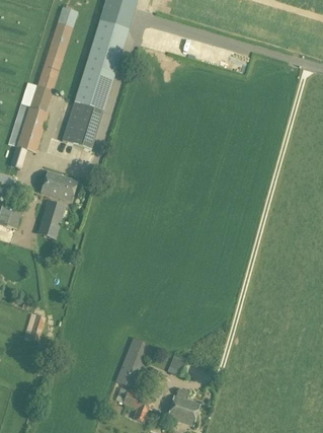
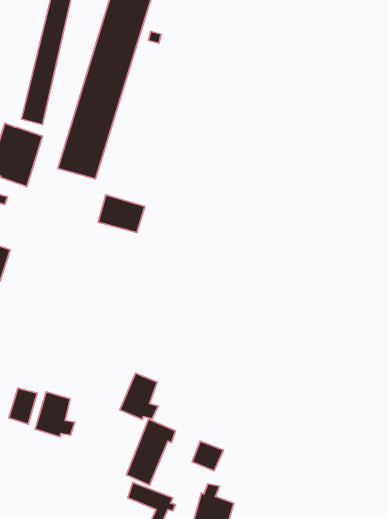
building: [42,171,78,201] -> [98,195,145,232]
building: [42,202,64,228] -> none
building: none -> [120,373,158,420]
building: none -> [35,392,75,437]

